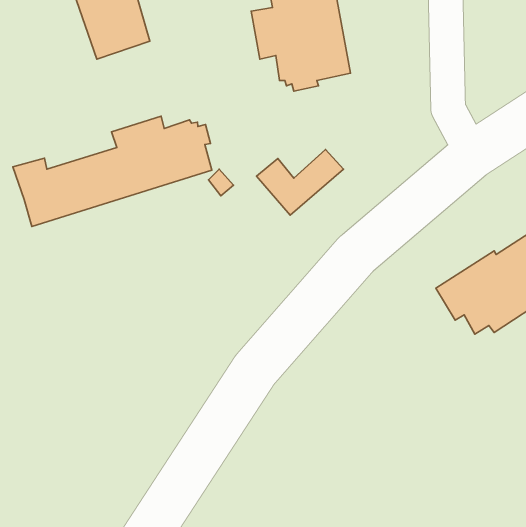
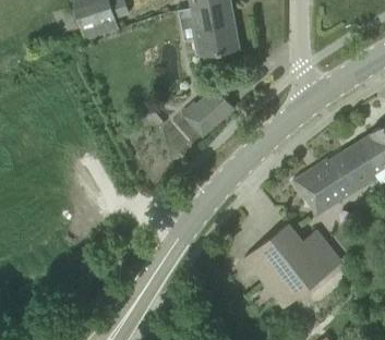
building: [13,116,212,226] -> none
building: none -> [245,222,342,307]

